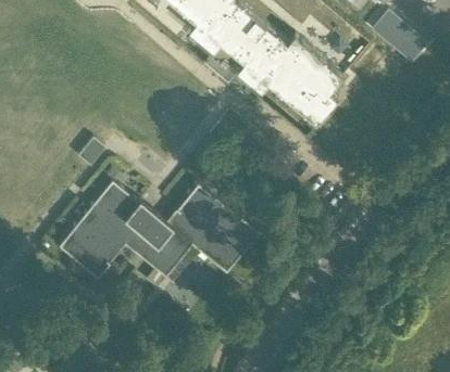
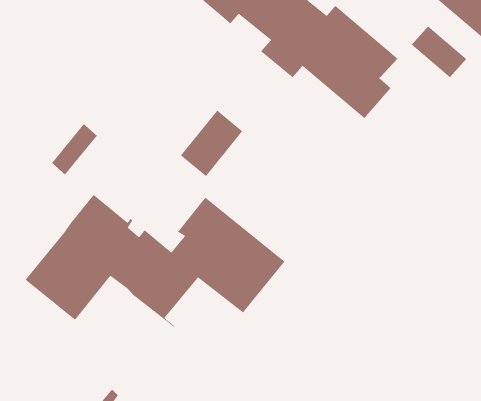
building: none -> [411,25,467,78]
building: none -> [180,110,243,177]

